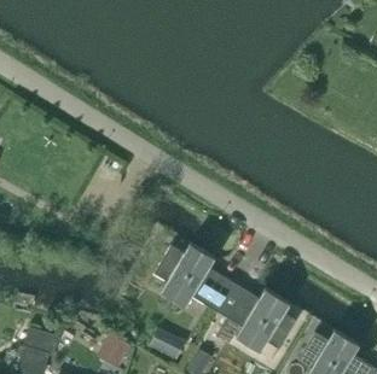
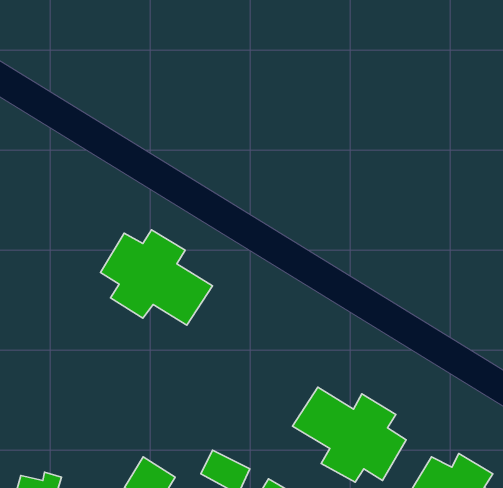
building: [153,244,233,311] -> [100,230,212,325]

